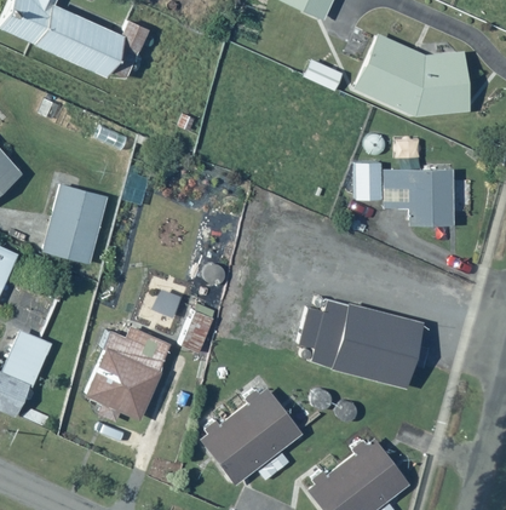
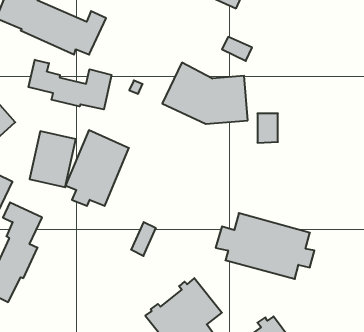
building: [353,31,470,115] -> [162,63,248,124]
building: none -> [28,60,112,109]
building: [385,166,454,224] -> none
building: [86,320,172,423] -> [66,130,129,206]

